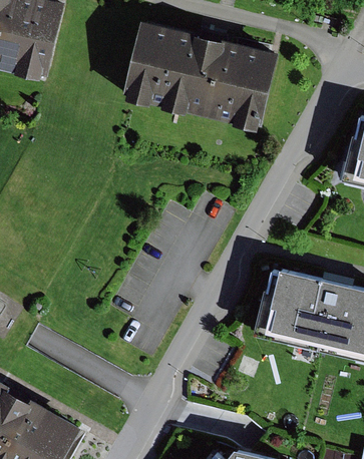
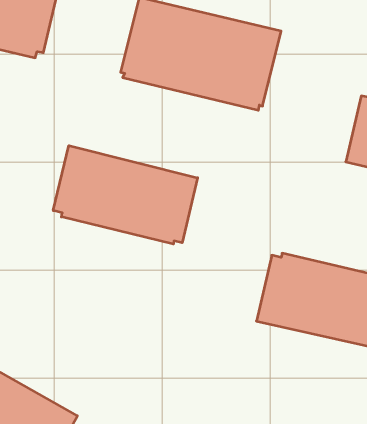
building: none -> [53,146,198,244]

